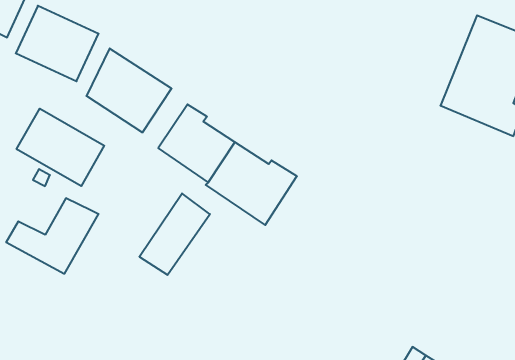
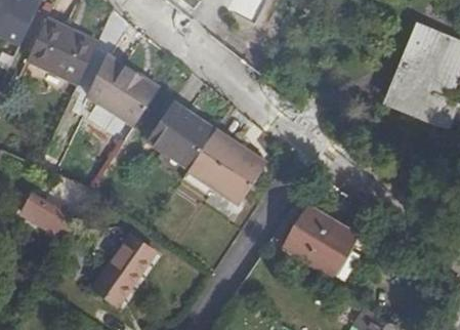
building: [17,109,104,186] -> none
building: [139,193,210,275] -> [96,237,156,305]
building: none -> [285,208,358,280]

